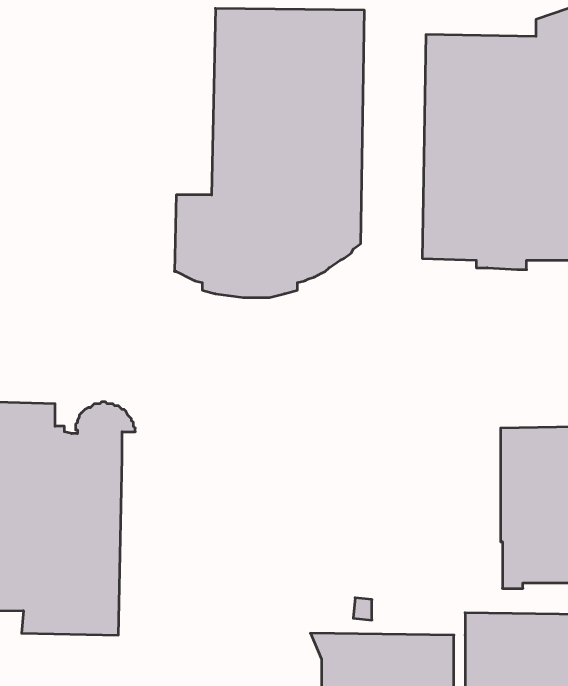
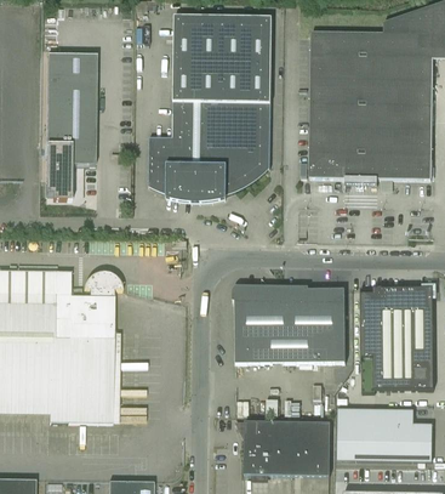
building: none -> [45,52,97,199]
building: none -> [232,284,346,362]

